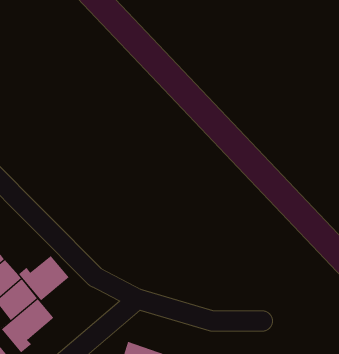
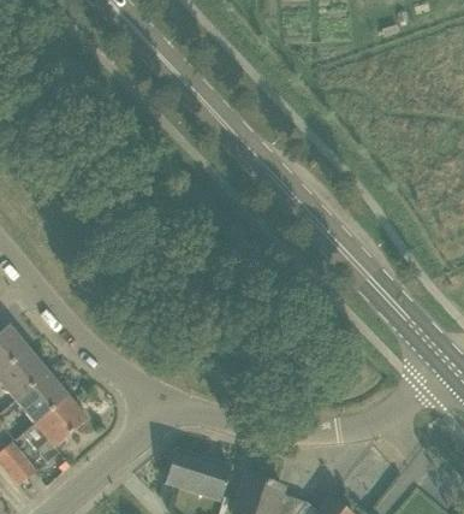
building: [18,255,69,301] -> none

